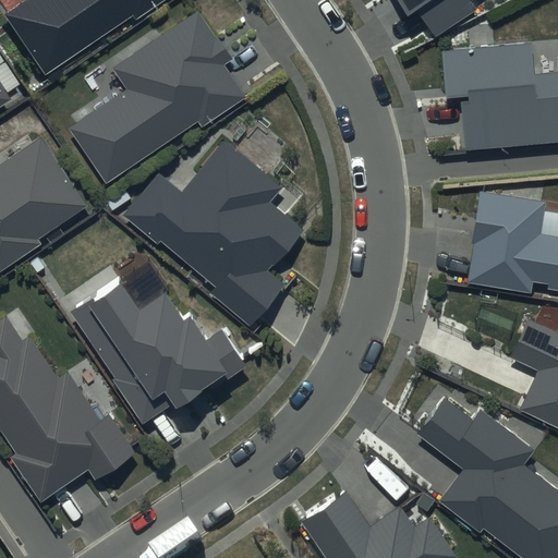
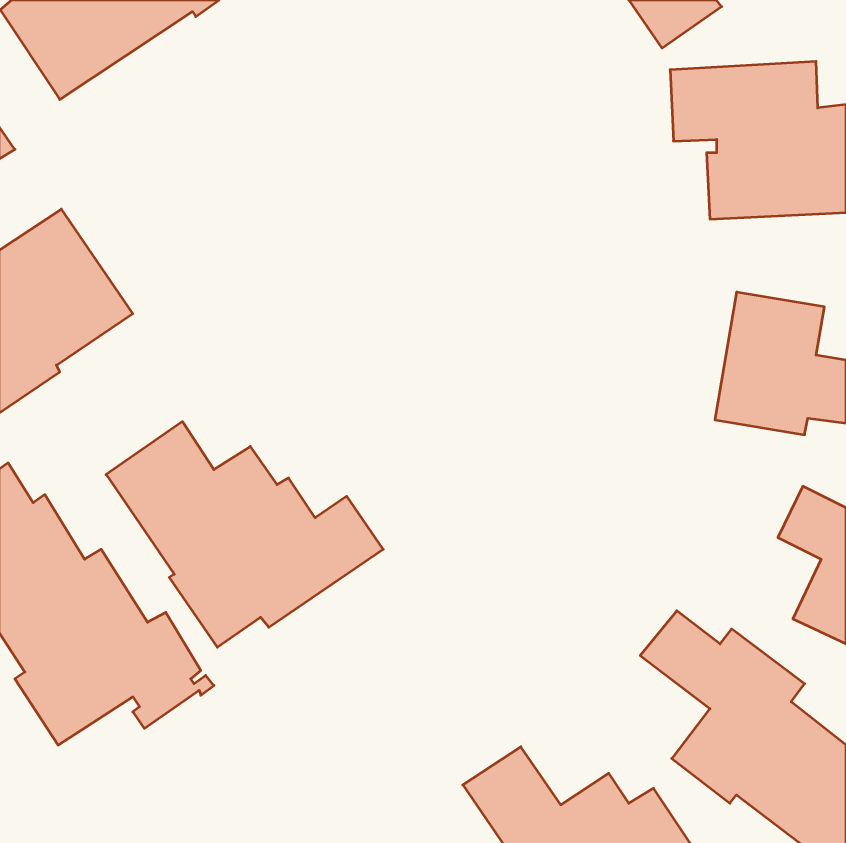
building: [75,11,244,177] -> none
building: [128,148,295,324] -> none

